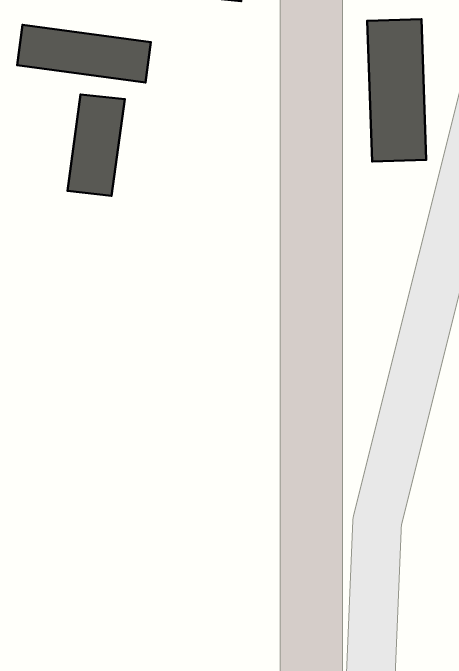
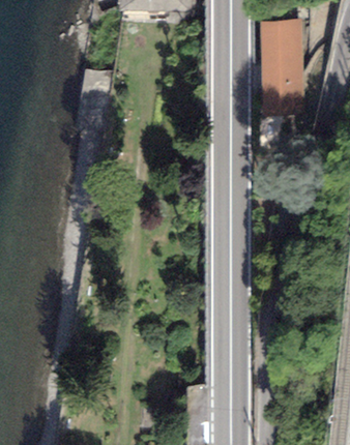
building: [17,25,151,82] -> none

